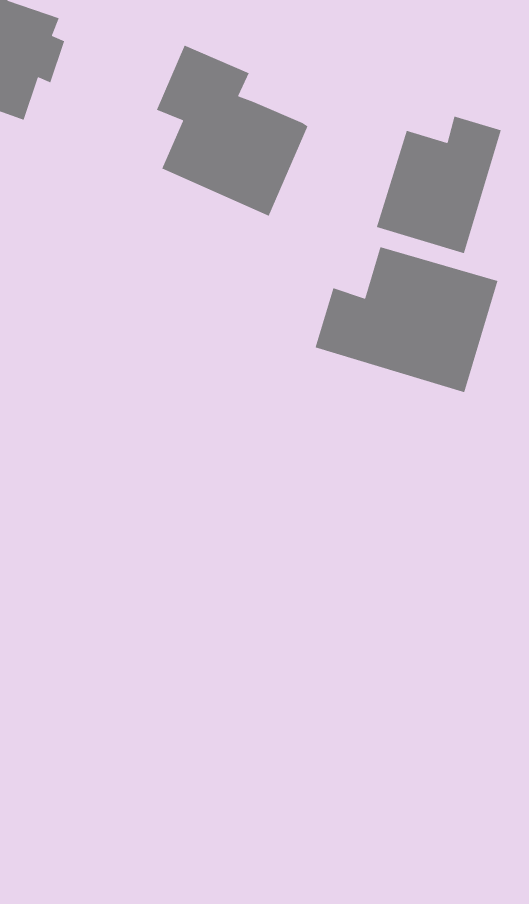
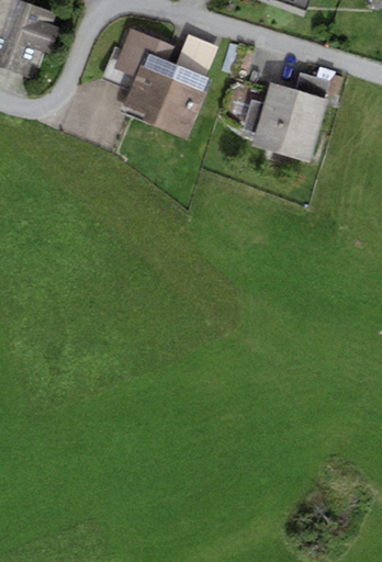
building: none -> [176,33,218,77]
building: [315,246,499,393] -> none

